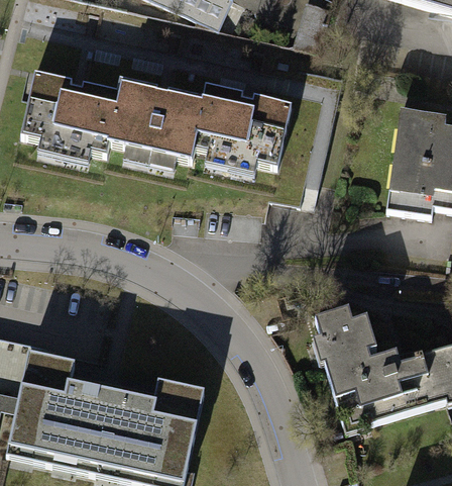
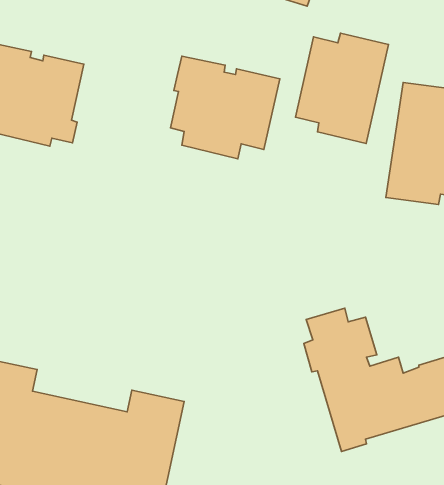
building: none -> [295,33,388,144]
building: [107,79,202,168] -> none

